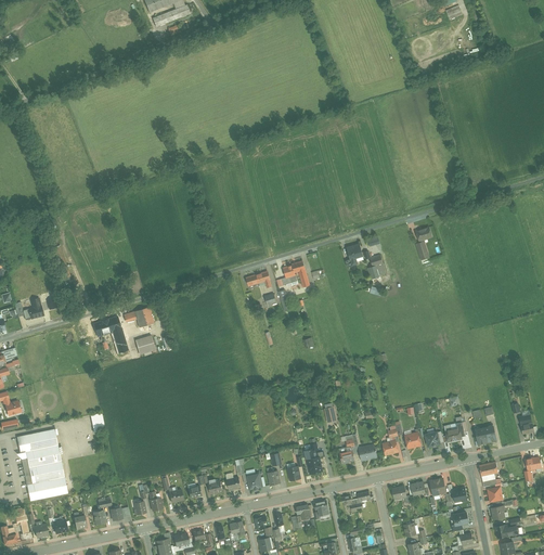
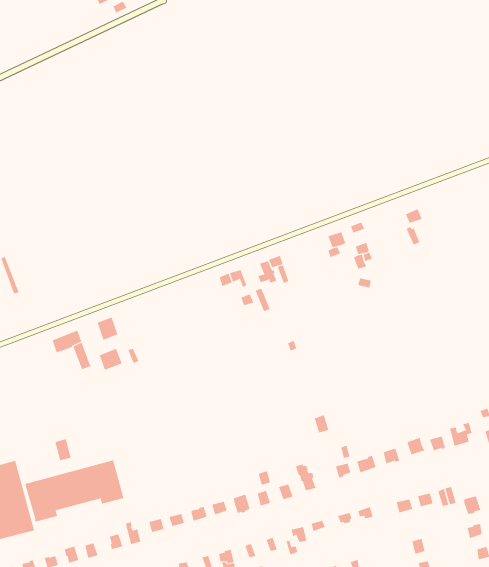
building: none -> [24,459,124,523]

